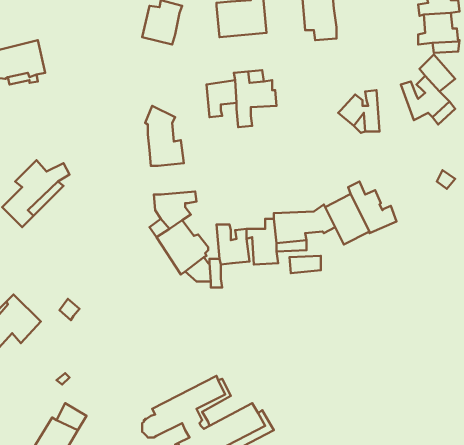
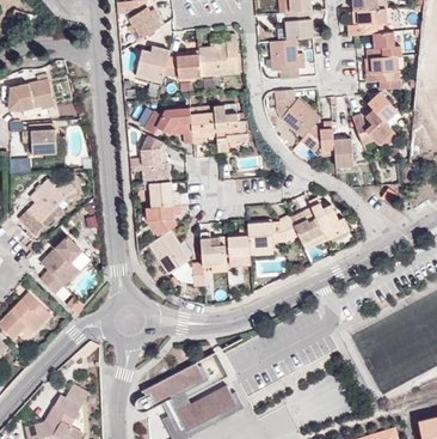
building: none -> [164,50,201,78]
building: none -> [275,90,320,138]
building: none -> [143,108,192,144]
building: none -> [23,129,57,154]
building: none -> [333,139,353,167]
building: none -> [149,182,180,208]
building: none -> [41,237,82,286]

